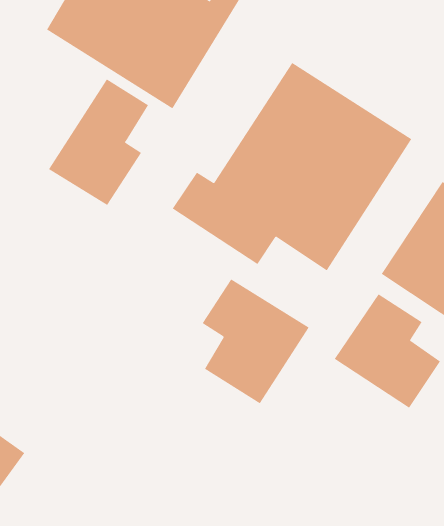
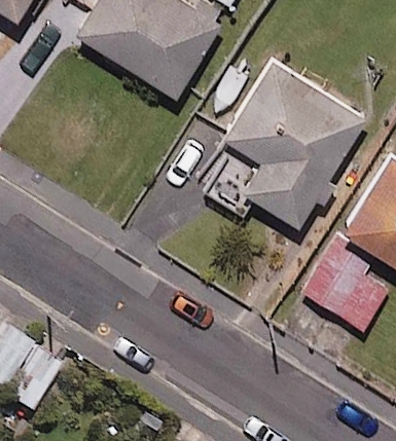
building: [48,78,149,206] -> none
building: [202,278,309,404] -> none

